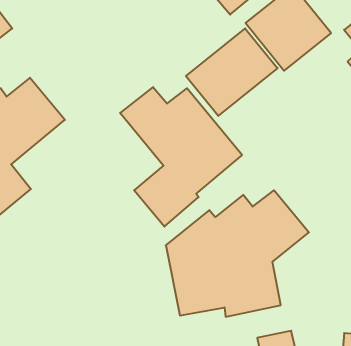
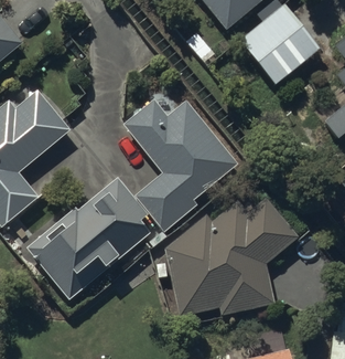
building: [186,28,278,116] -> none
building: none -> [25,178,149,299]

